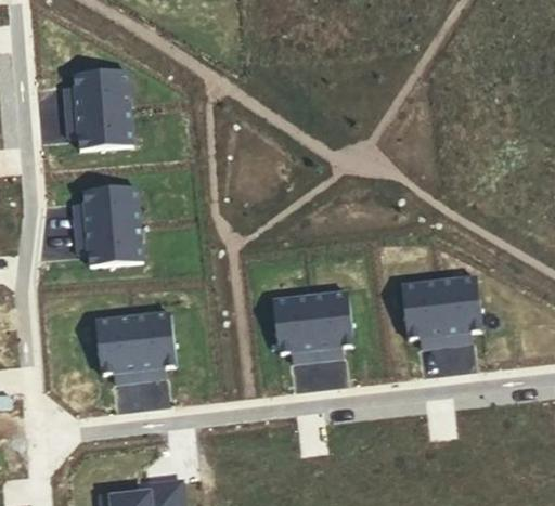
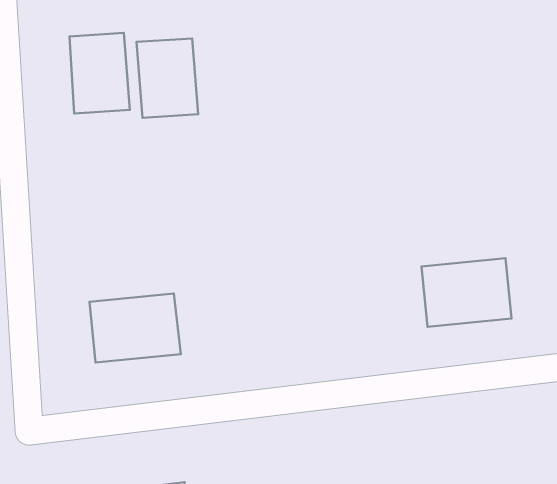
building: [86,187,142,260] -> [137,38,198,118]
building: [268,293,350,356] -> none

